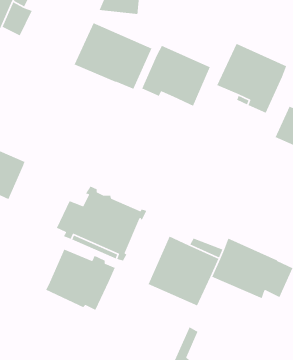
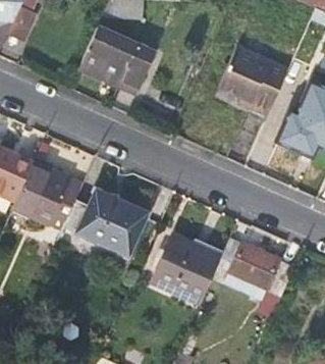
building: [141,45,211,107] -> none
building: [45,249,116,311] -> [11,167,80,228]

